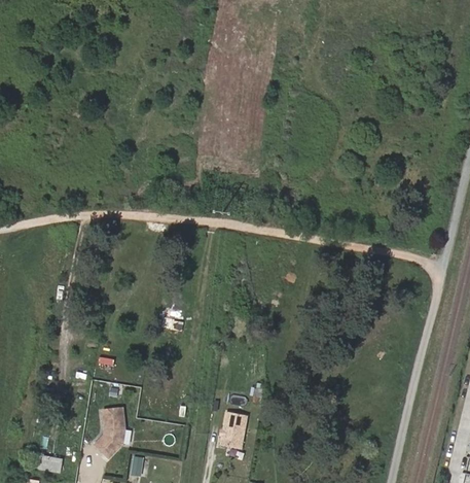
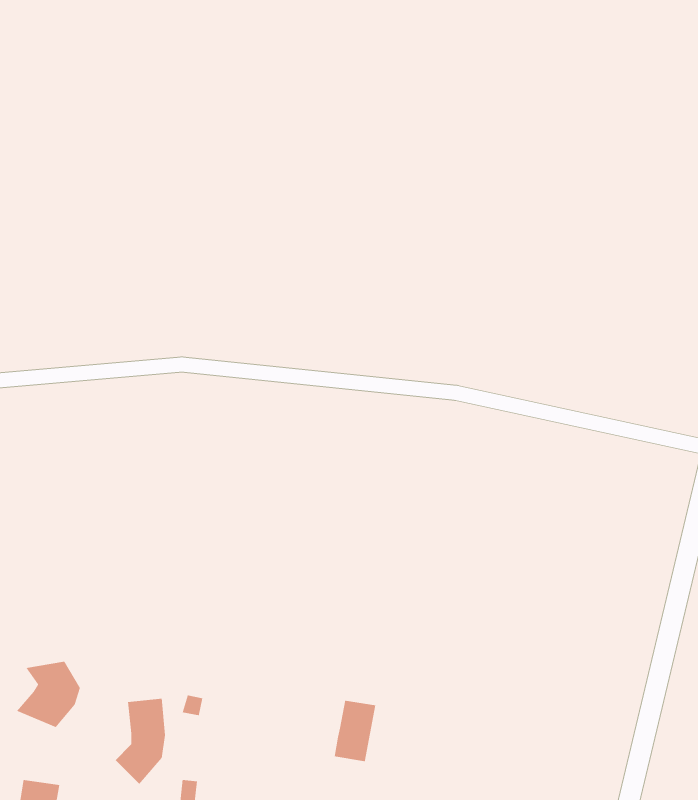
building: none -> [16,661,81,728]

